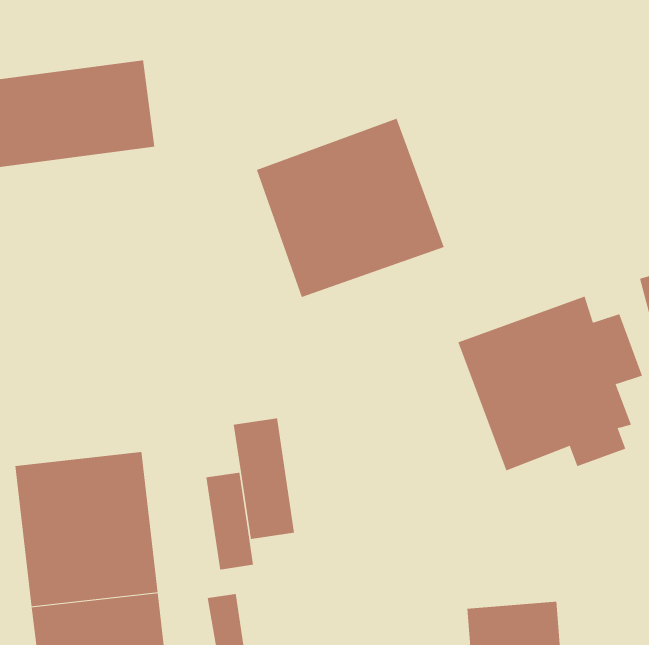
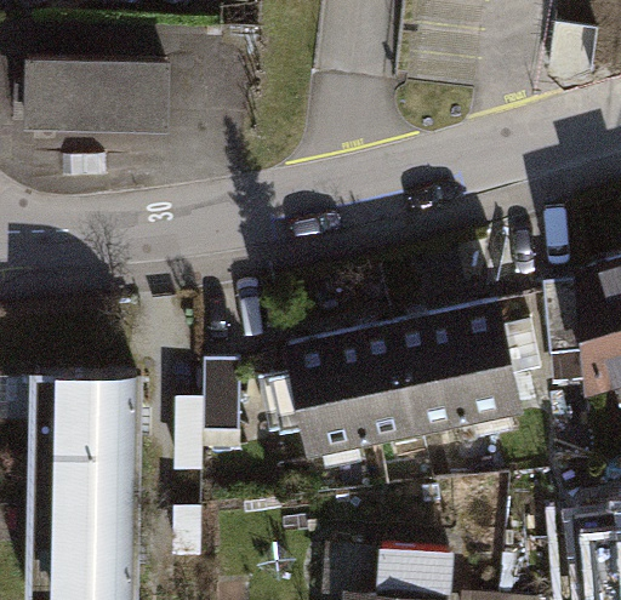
building: [256,118,444,298] -> none
building: none -> [281,326,433,491]

